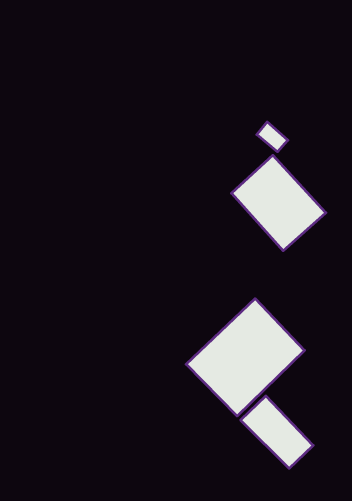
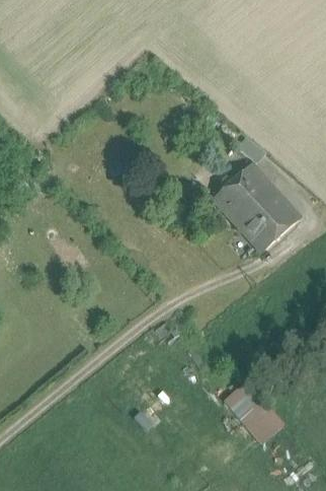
building: [186,299,305,416] -> none

